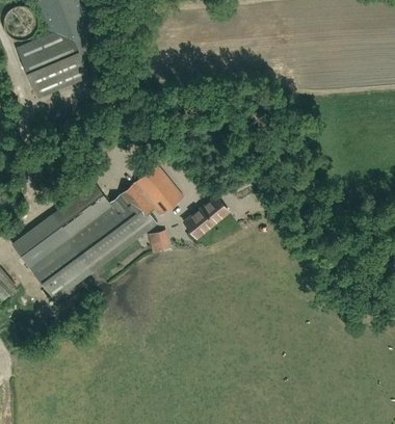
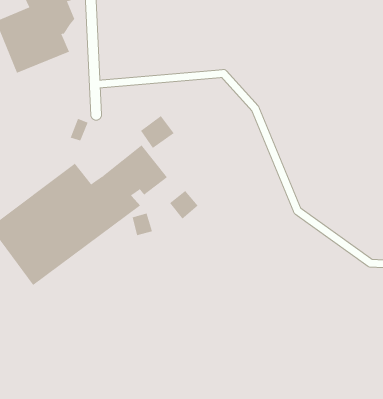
building: none -> [140,115,175,149]
building: [198,194,227,222] -> none

